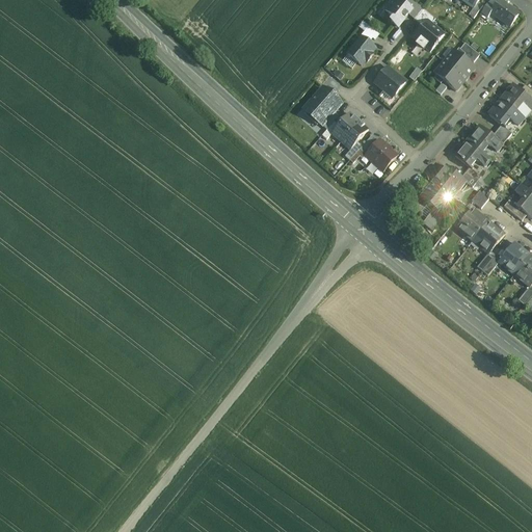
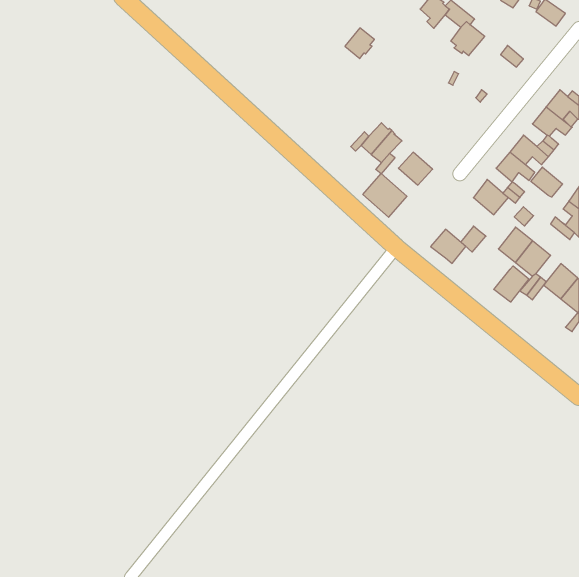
building: [347,36,374,64] -> [345,28,374,59]
building: [433,49,474,89] -> none
building: [374,65,404,97] -> none
building: [303,86,341,125] -> none
building: none -> [531,167,563,197]
building: none -> [363,174,407,217]
building: [420,181,452,212] -> [431,229,466,263]
building: none -> [494,266,529,302]

